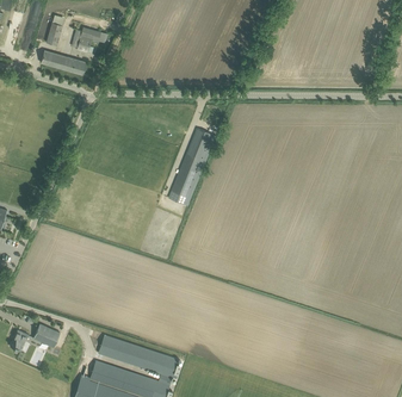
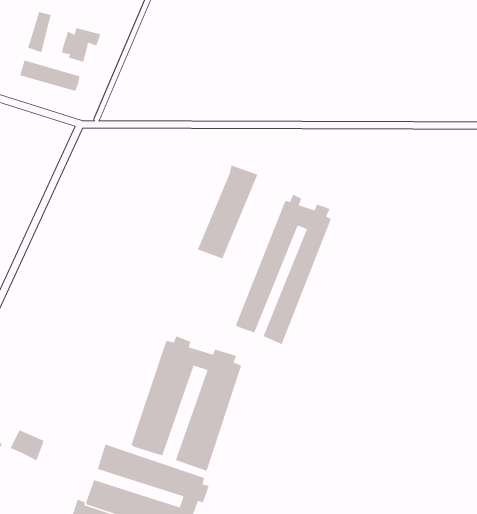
building: none -> [235,193,332,345]
building: none -> [130,335,242,472]

